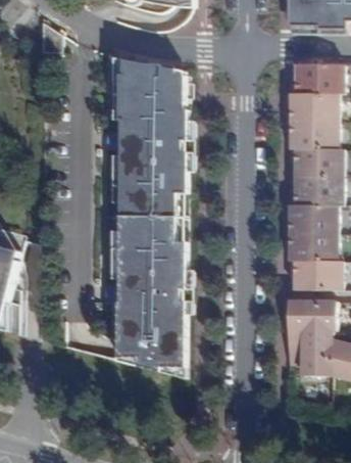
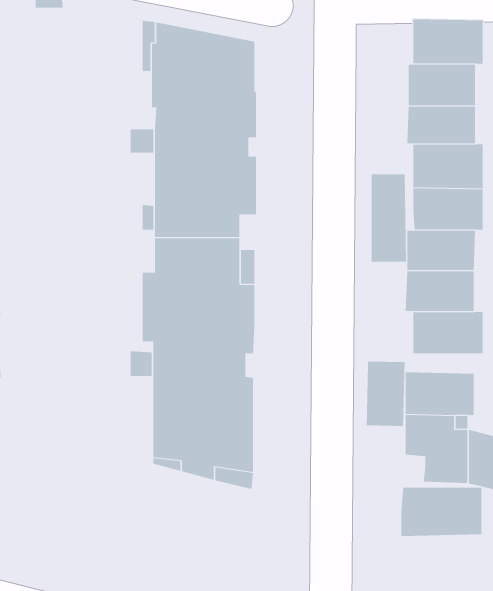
building: none -> [371,174,406,262]
building: none -> [366,361,405,427]
building: none -> [401,487,482,537]

